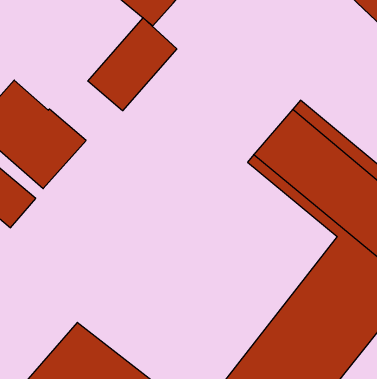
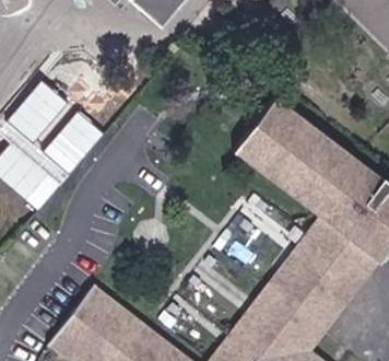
building: [88,18,177,111] -> none

